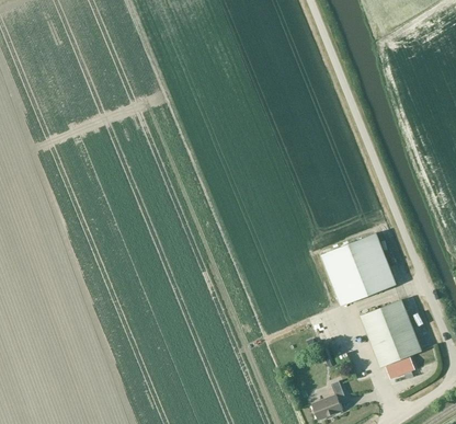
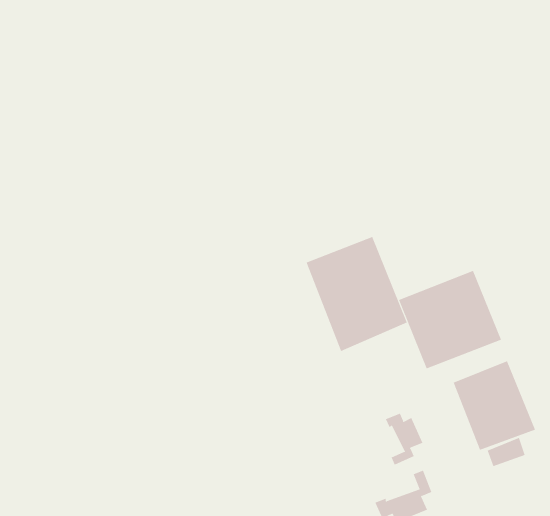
building: none -> [306,236,408,352]
building: none -> [385,413,423,466]

